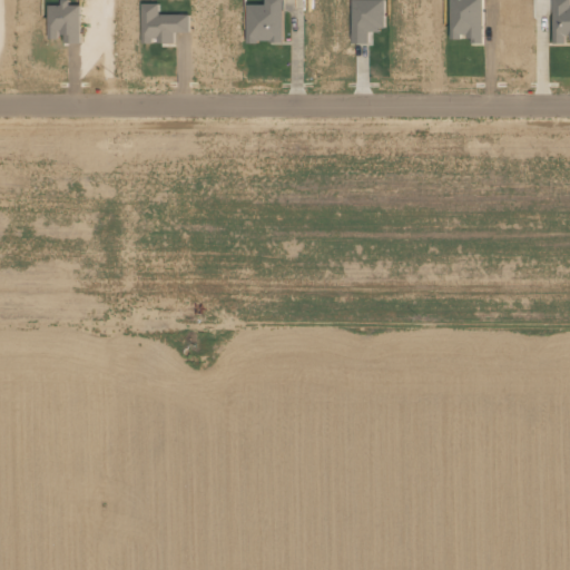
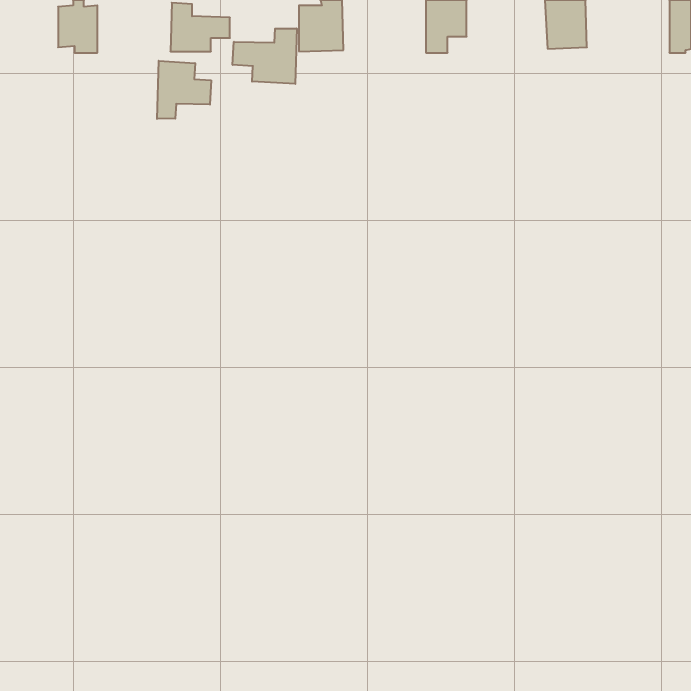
building: none -> [233,28,297,84]
building: none -> [157,61,211,119]

